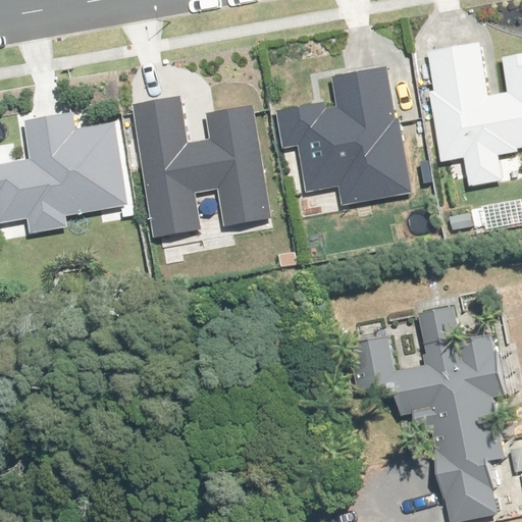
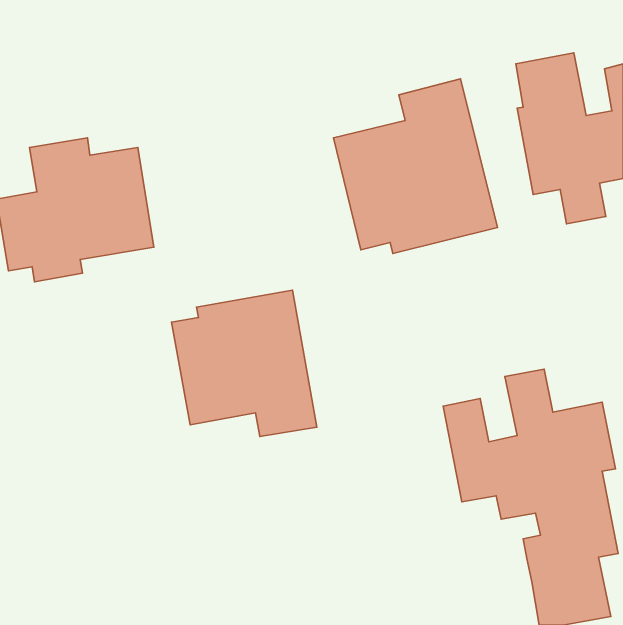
building: [130,98,270,238] -> none
building: none -> [171,290,317,437]

